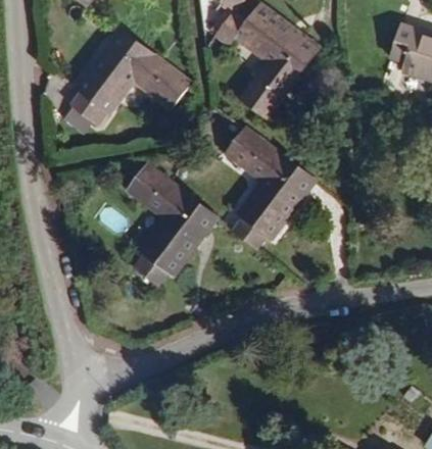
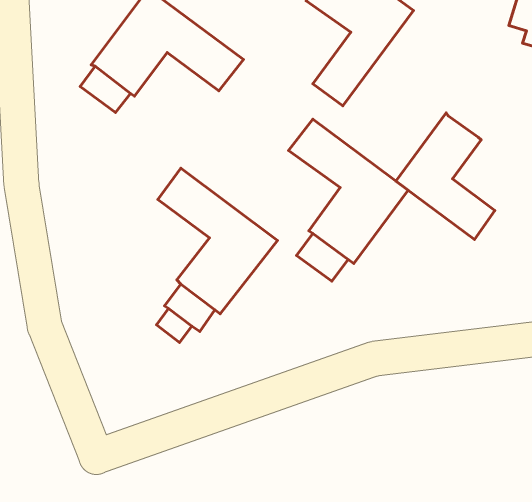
building: none -> [396,113,495,239]

